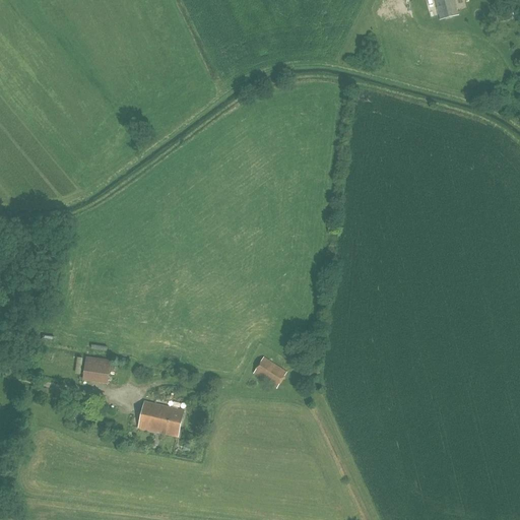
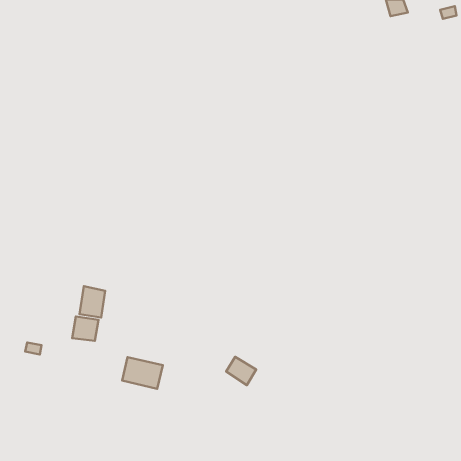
building: none -> [79,286,105,317]
building: [253,356,286,388] -> [226,357,256,385]

